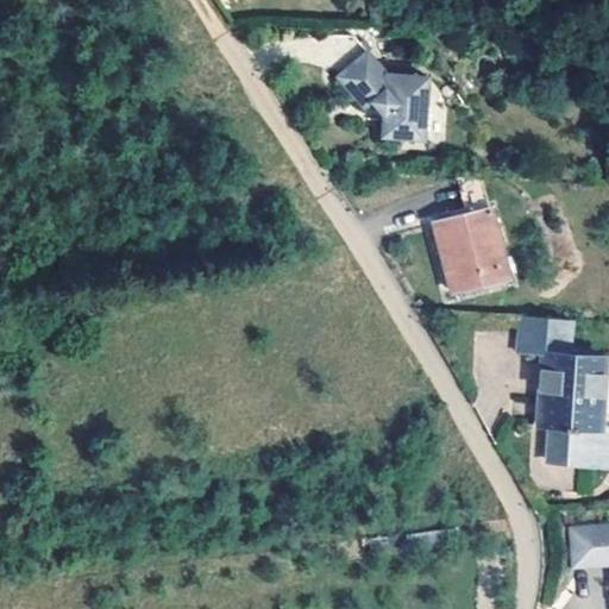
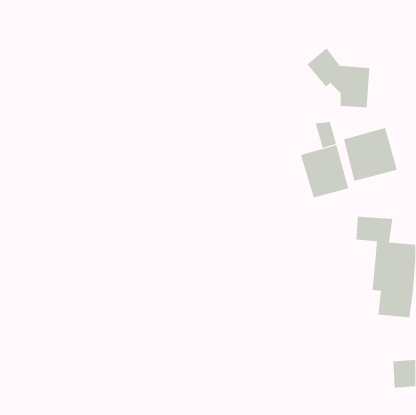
building: [334,51,427,139] -> [306,48,370,108]
building: none -> [343,127,397,182]

